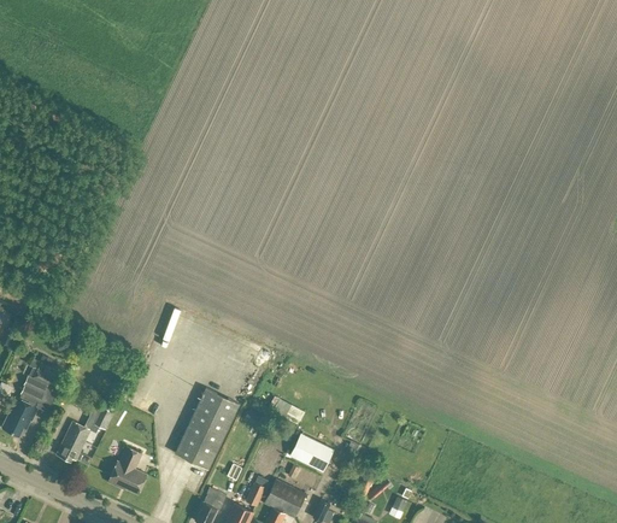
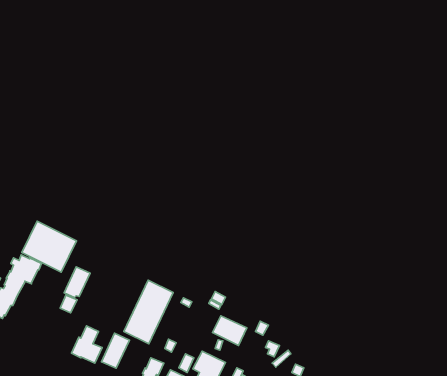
building: none -> [22,221,77,272]
building: [57,422,90,462] -> [64,267,90,298]
building: none -> [102,333,129,368]

